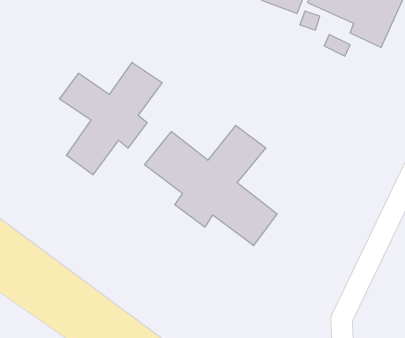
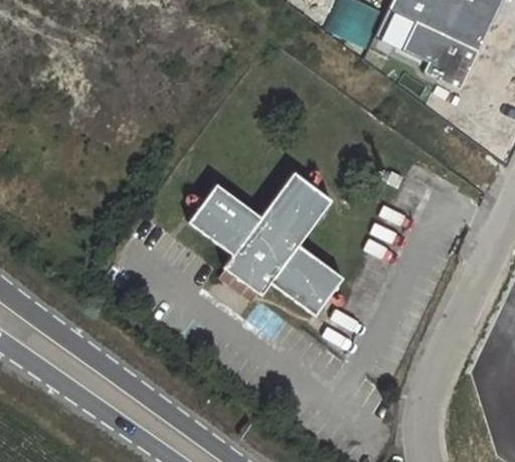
building: [60,62,162,175] -> none

